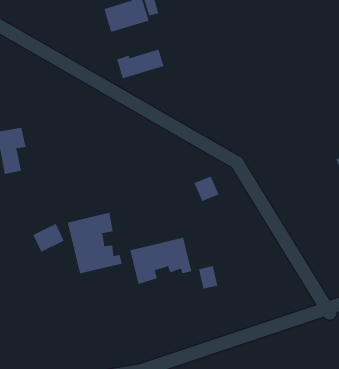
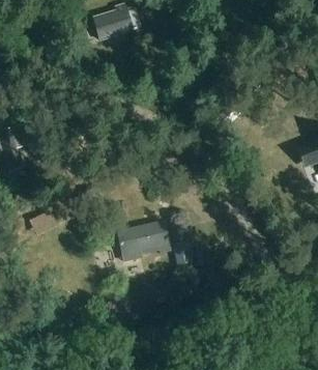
building: [116,49,164,79] -> none
building: [67,212,122,274] -> none

